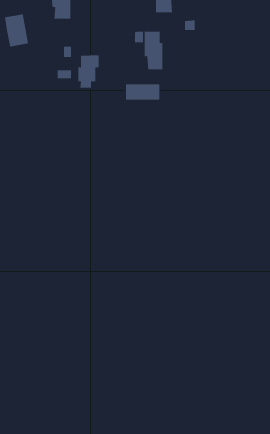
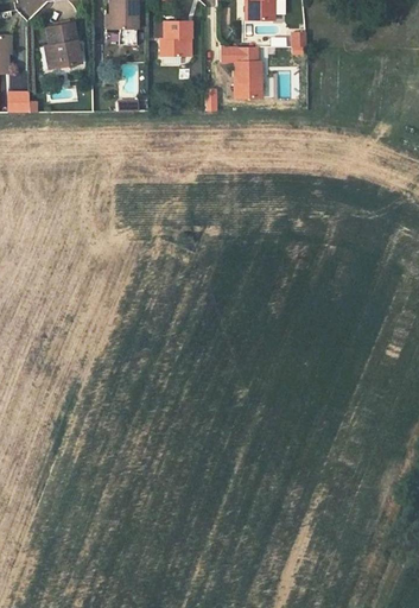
building: [78,55,100,88] -> [160,20,190,65]
building: [125,83,160,101] -> none

